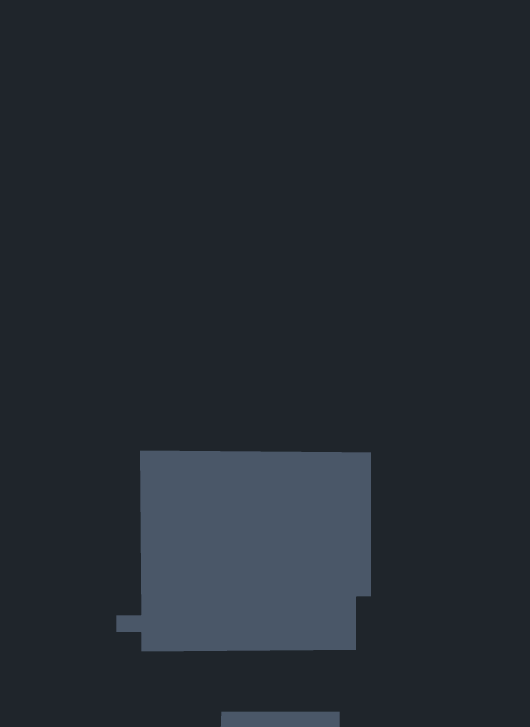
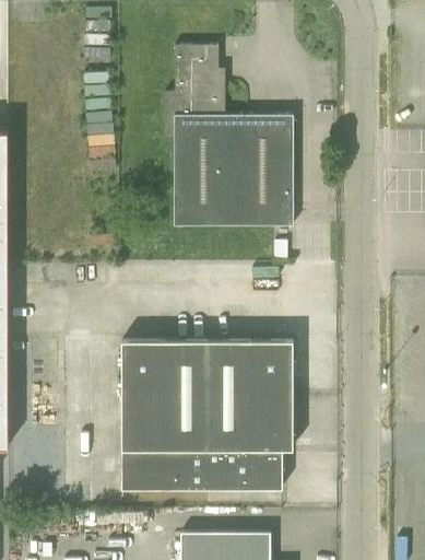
building: none -> [165,46,293,225]

